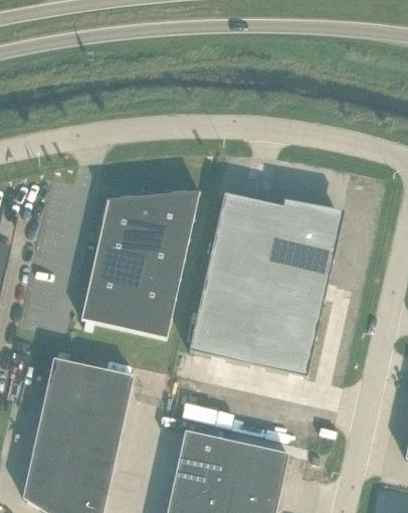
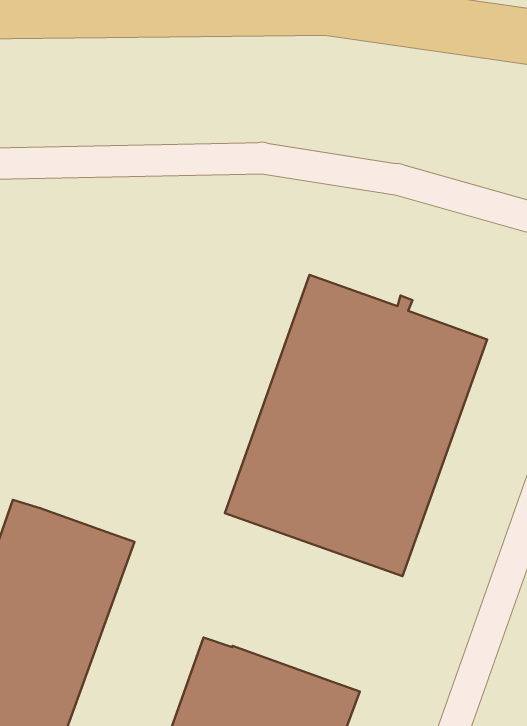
building: [81,187,200,337] -> none

